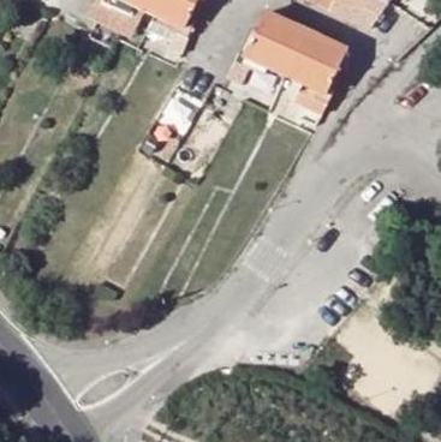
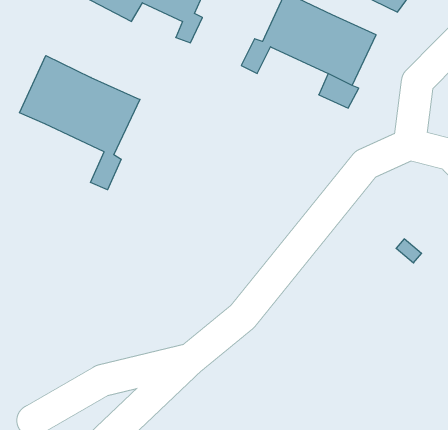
building: none -> [19,56,140,190]

